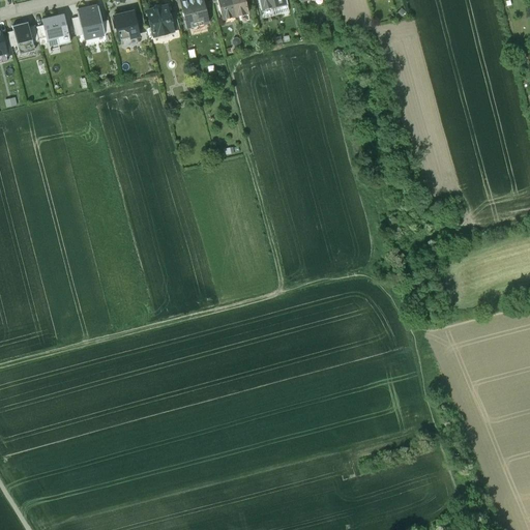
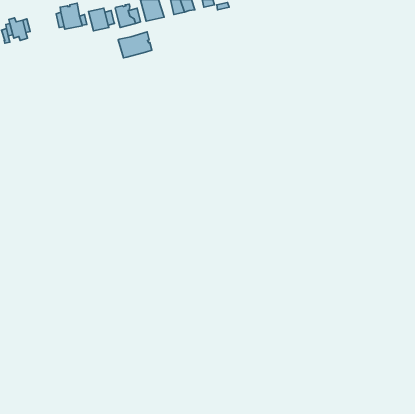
building: [42,13,70,46] -> none
building: none -> [118,32,152,58]

